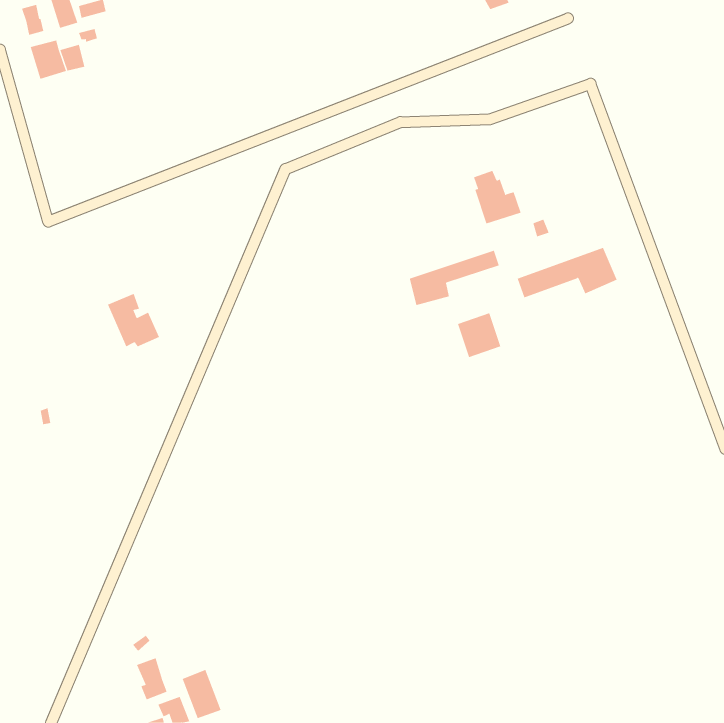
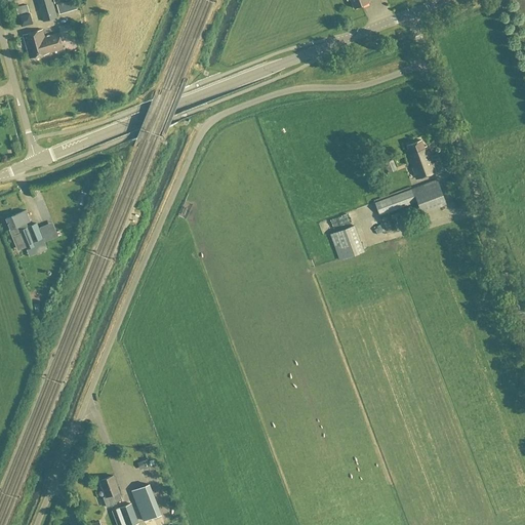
building: [473,170,521,224] -> [407,138,442,177]
building: [409,250,500,306] -> none
building: [107,293,160,347] -> [5,209,43,248]

